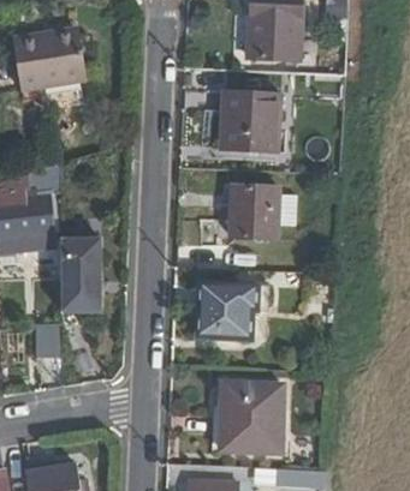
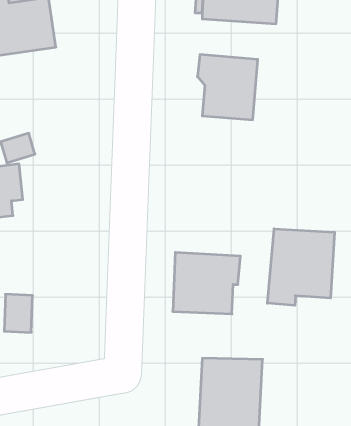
building: [233,185,280,238] -> none
building: [60,228,102,307] -> none
building: none -> [267,229,334,305]

